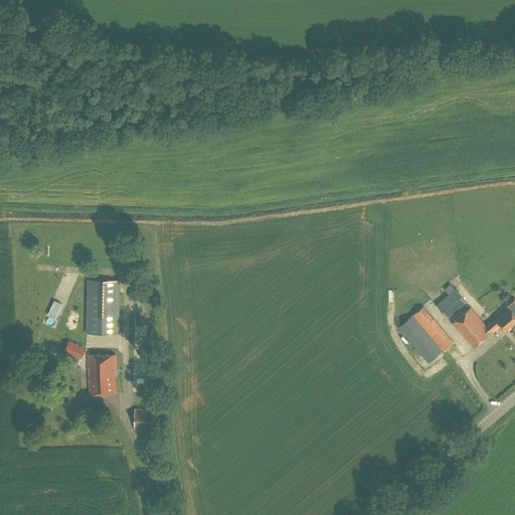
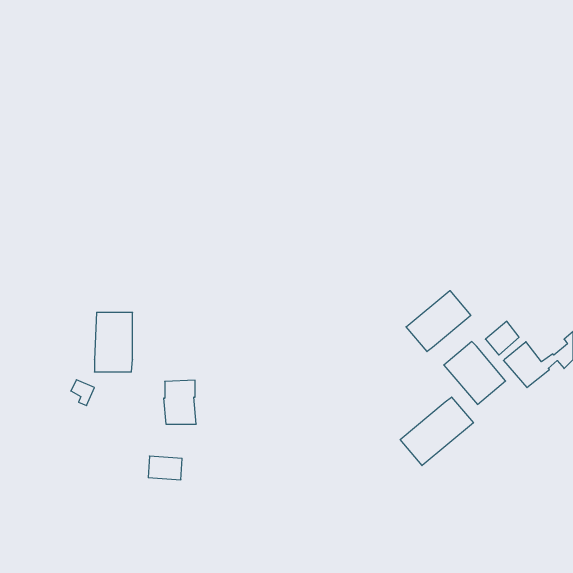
building: none -> [406,291,471,352]
building: [87,355,116,394] -> [164,380,196,424]
building: none -> [400,397,473,466]

